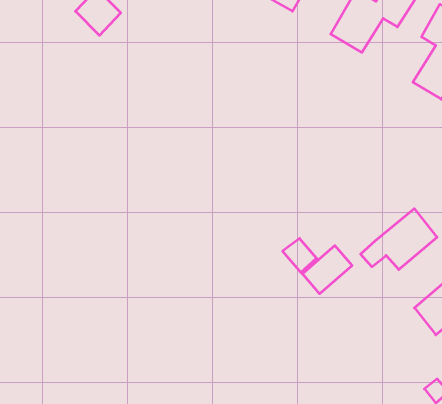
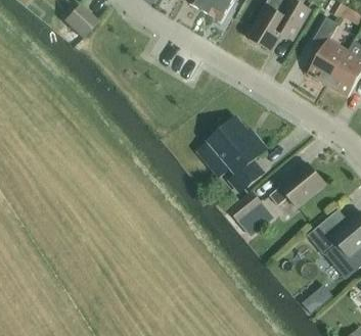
building: none -> [208,116,266,191]

